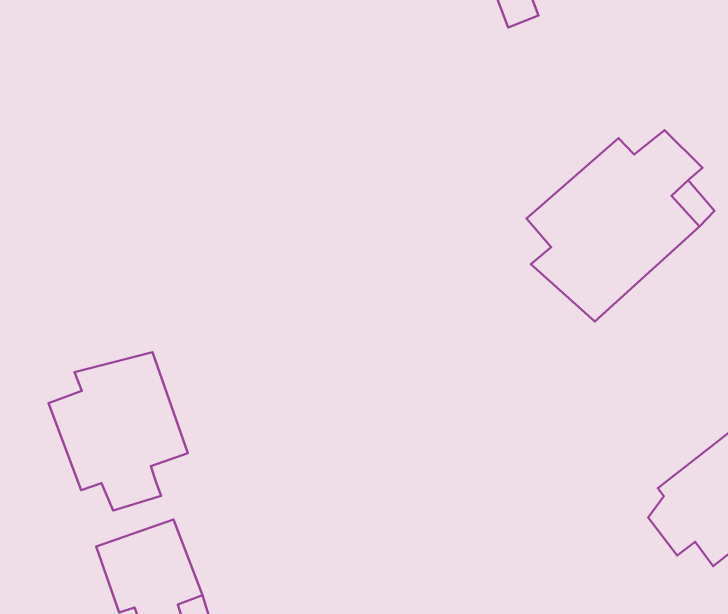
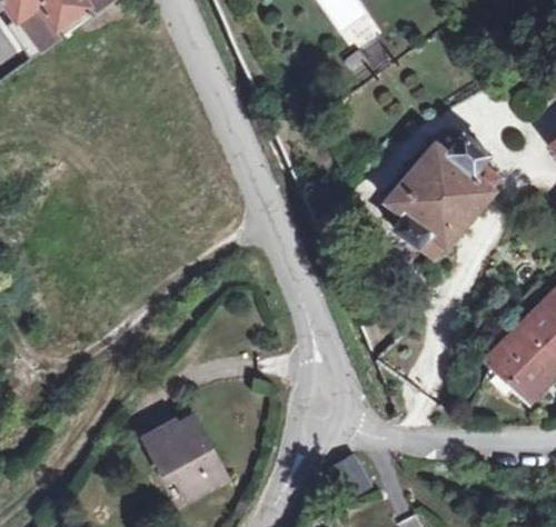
building: [49,352,188,511] -> none

